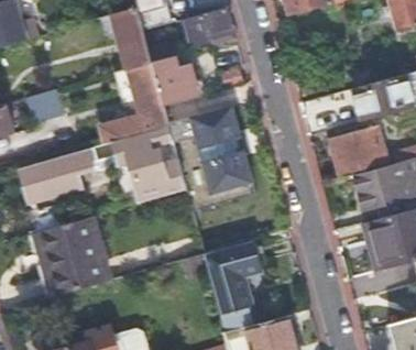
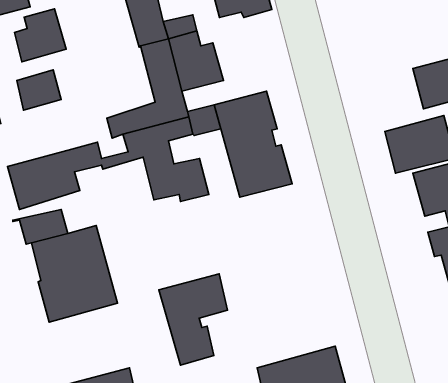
building: none -> [15,9,66,62]
building: [202,241,259,316] -> [159,274,227,365]

